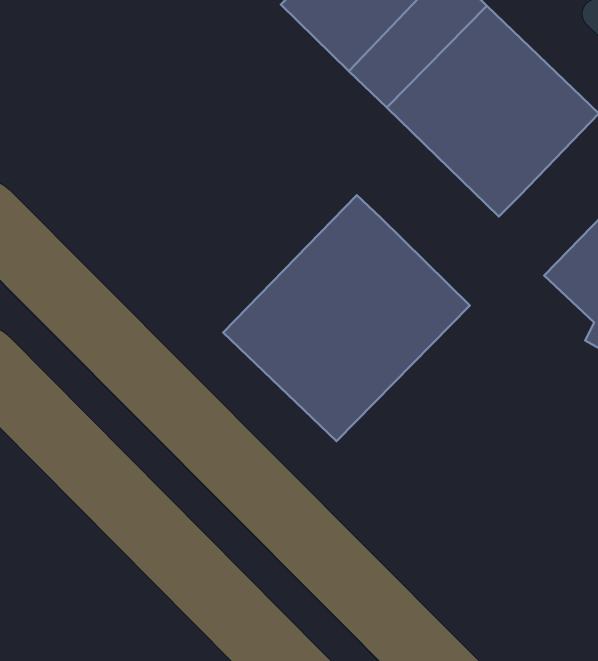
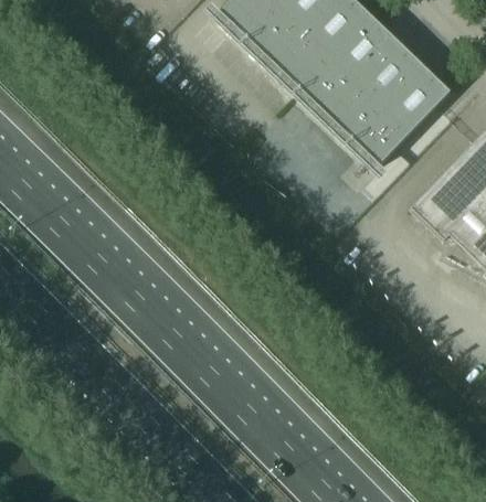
building: [223,195,470,441] -> none

